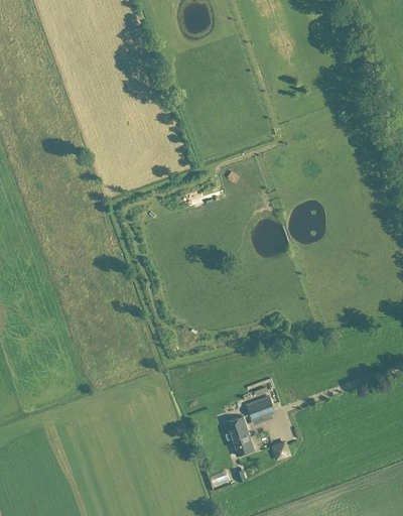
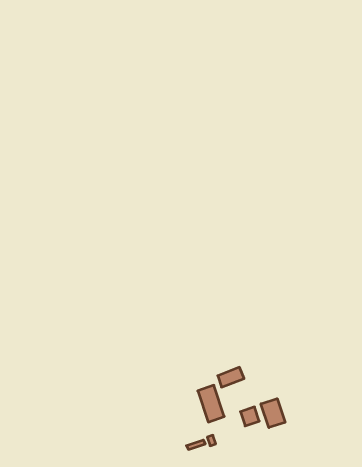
building: none -> [261,399,285,428]

